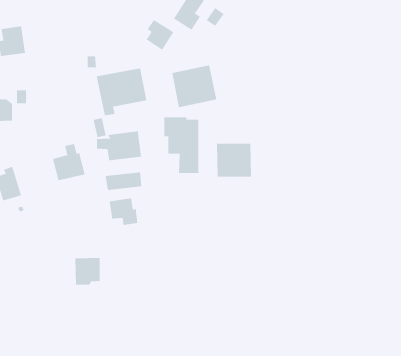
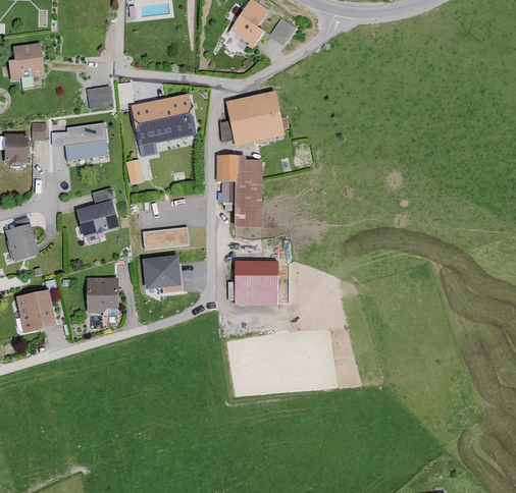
building: [146,19,174,50] -> none
building: none -> [86,86,112,109]
building: [96,131,142,161] -> [53,121,110,159]
building: [216,143,252,177] -> [235,260,279,303]
building: none -> [16,289,56,332]
building: [74,257,100,285] -> [86,277,118,312]

